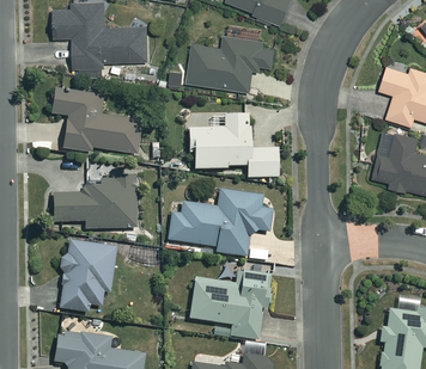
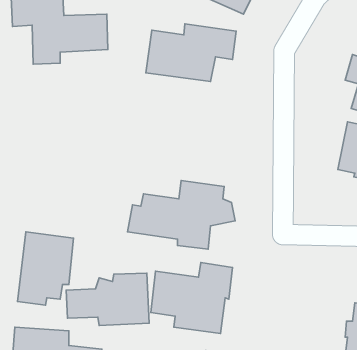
building: [51,88,139,154] -> none
building: [188,113,279,177] -> none
building: [53,177,134,228] -> [66,273,149,326]

